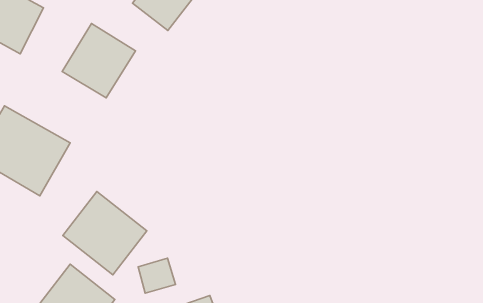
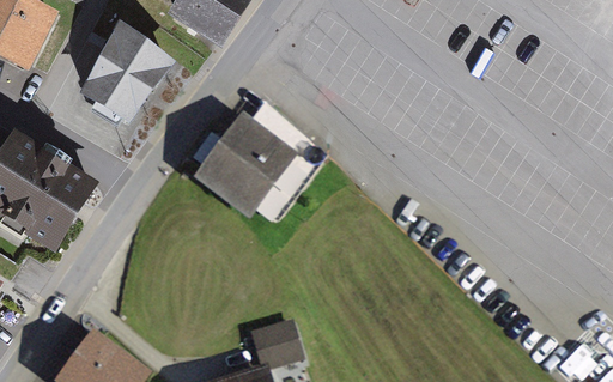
building: none -> [196,98,317,202]
building: [63,191,147,275] -> none
building: [138,258,175,293] -> [249,317,295,360]

